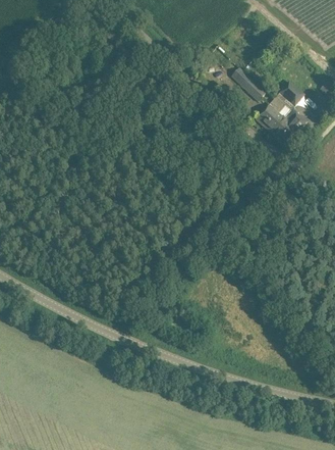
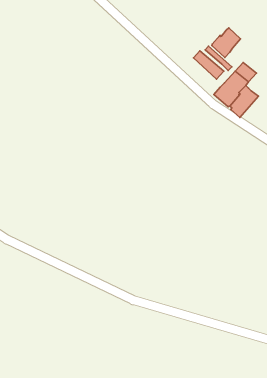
building: none -> [212,28,240,57]

